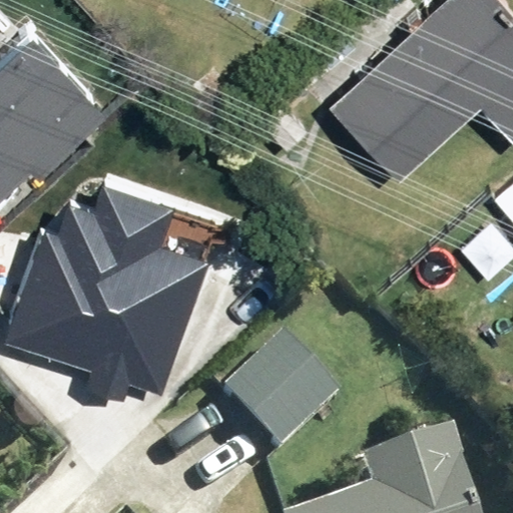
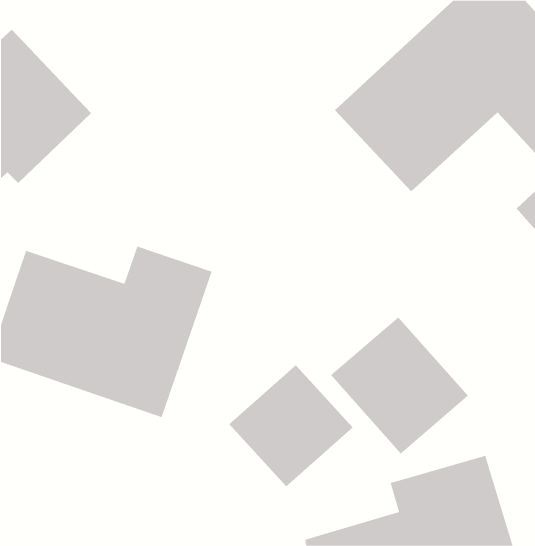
building: none -> [330,316,469,454]

